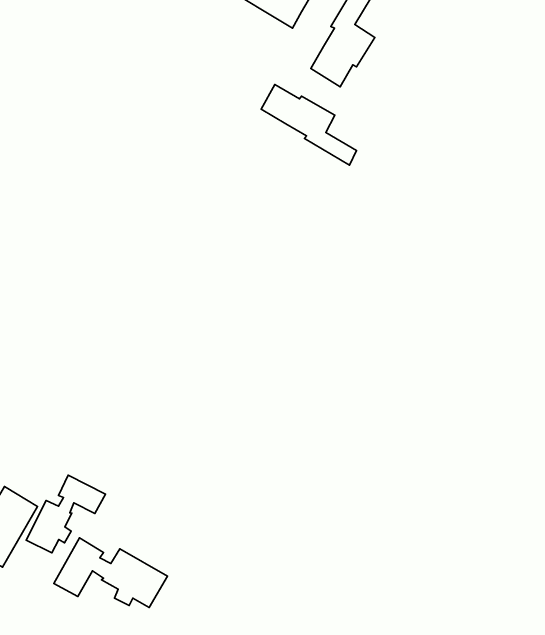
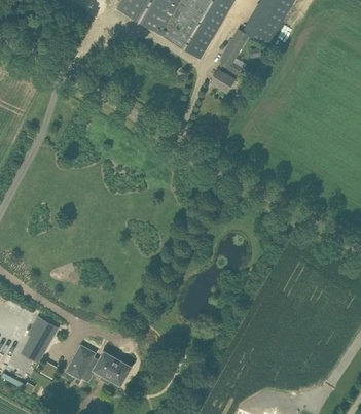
building: [261,84,357,165] -> none
building: [26,475,105,553] -> none

